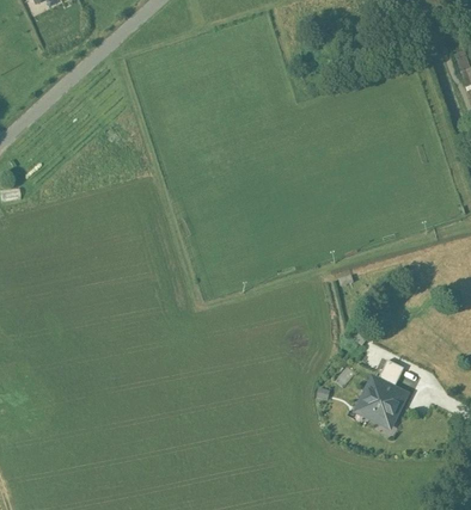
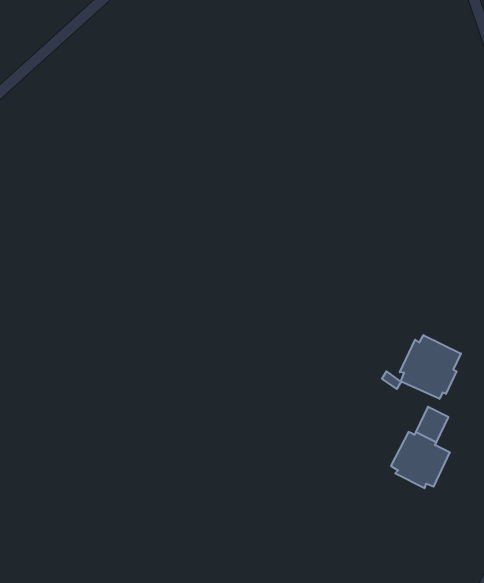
building: none -> [400,335,461,399]

